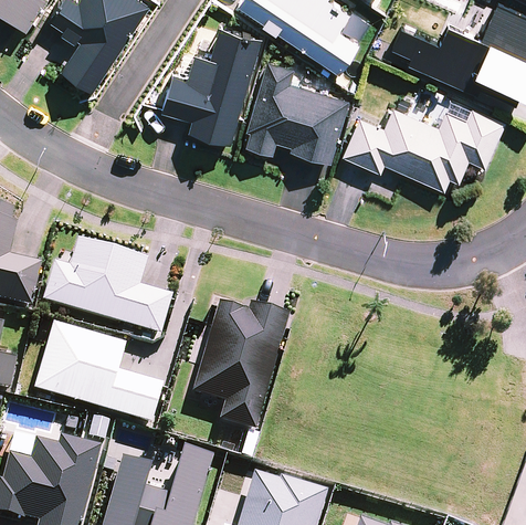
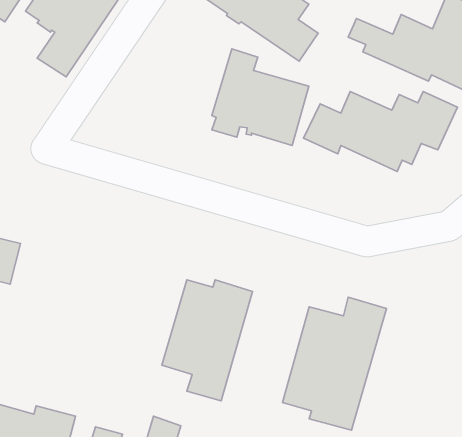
building: [160,23,260,140] -> none
building: [41,240,172,336] -> none
building: none -> [283,297,386,430]
building: [32,324,162,426] -> none

